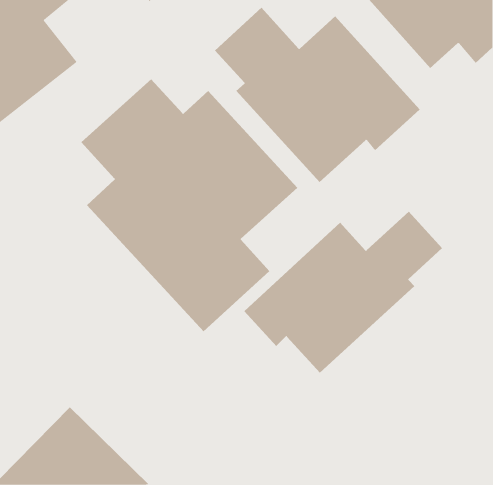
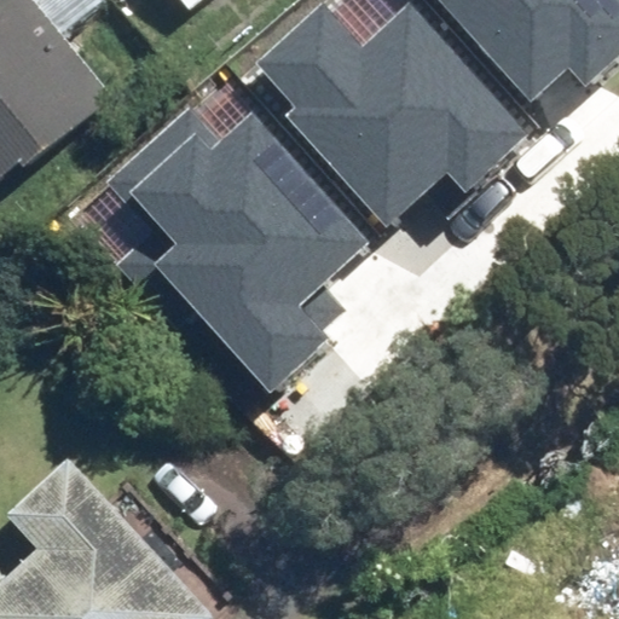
building: [243,211,443,373] -> none

